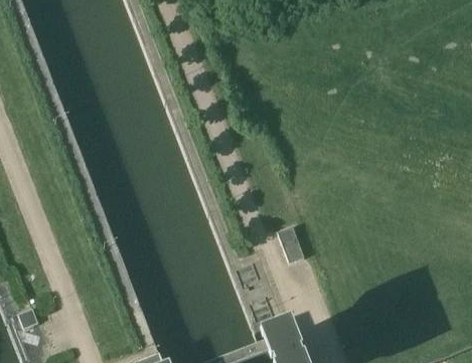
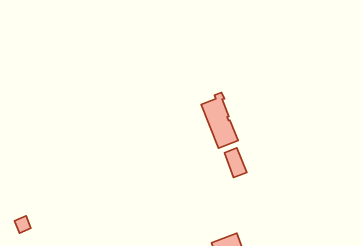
building: none -> [201,92,238,148]

